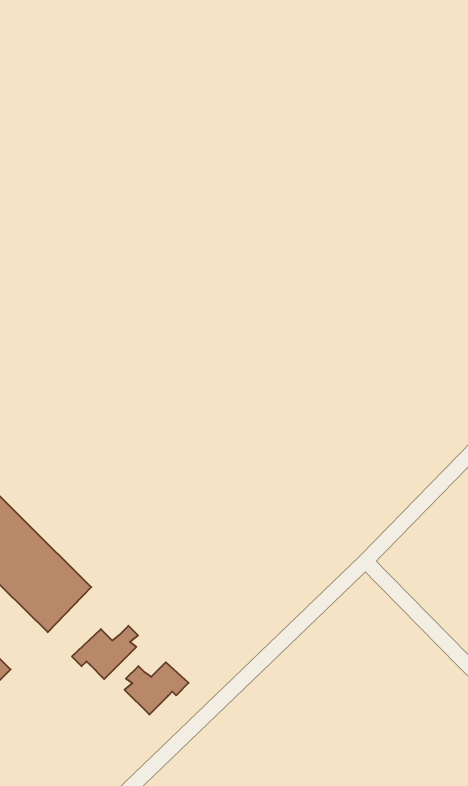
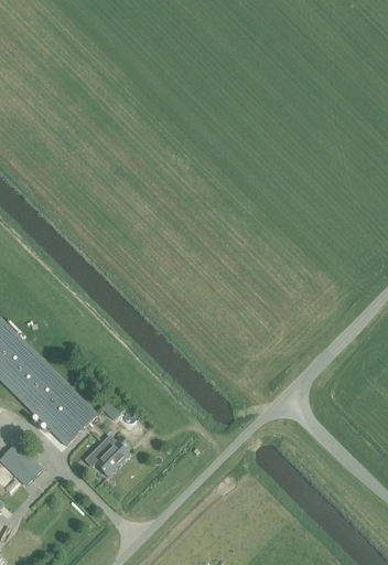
building: [125,662,189,715] -> none

